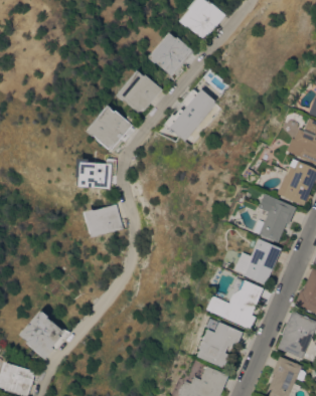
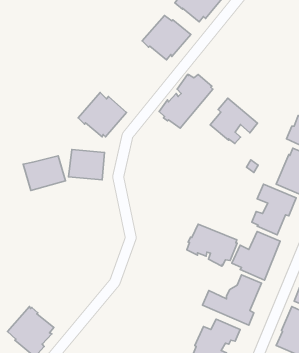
building: [116,70,162,113] -> none
building: none -> [210,98,258,144]
building: [84,204,124,237] -> [23,156,65,190]
building: none -> [187,224,237,266]

